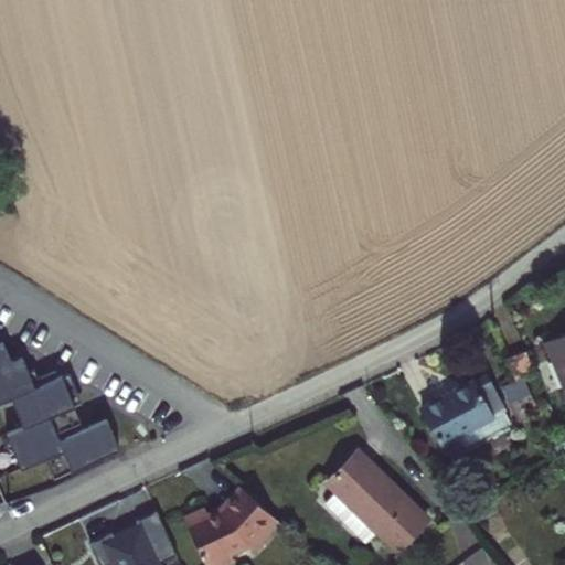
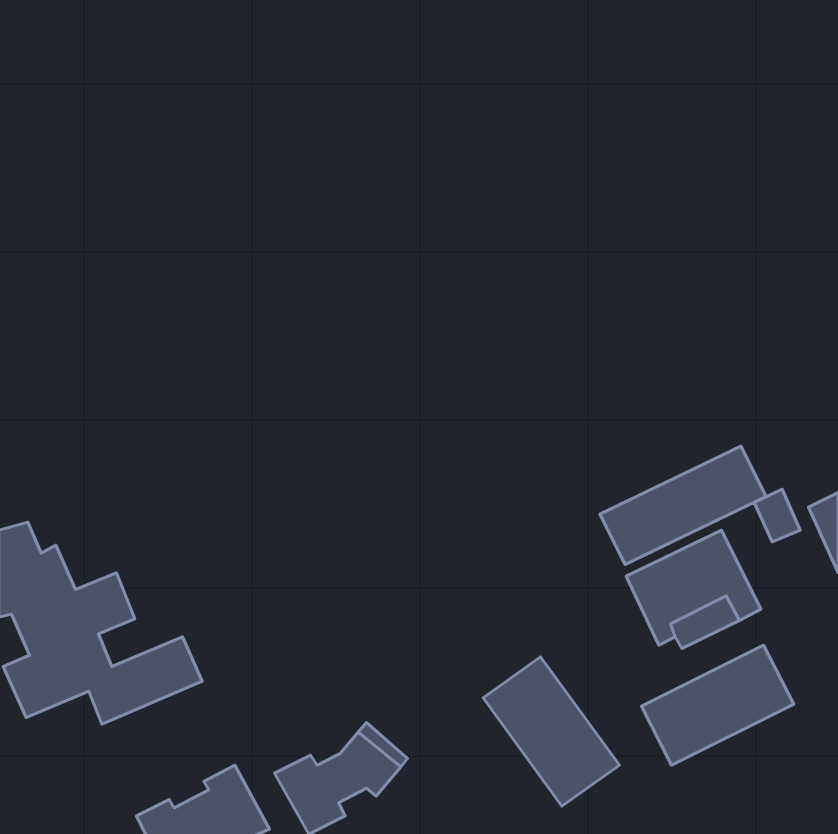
building: none -> [600,446,766,565]
building: none -> [642,645,794,765]

